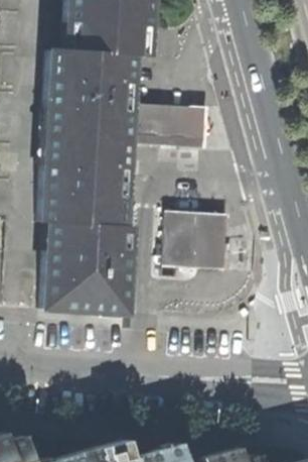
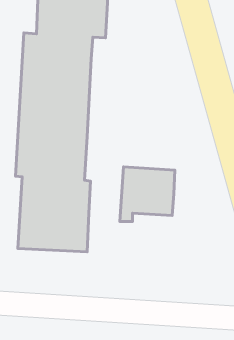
building: [130,104,212,148] -> none

